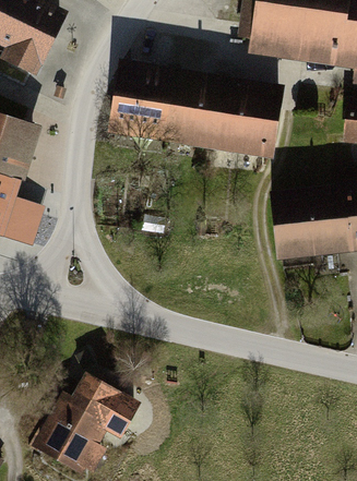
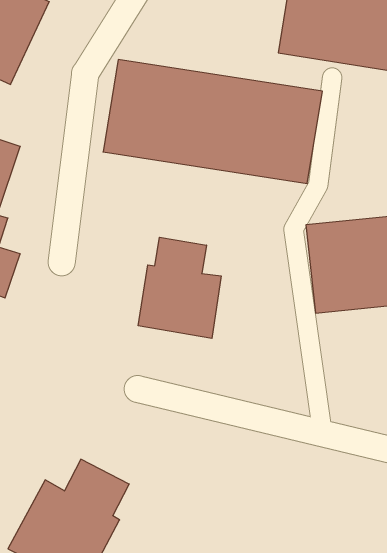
building: none -> [138,237,221,338]

